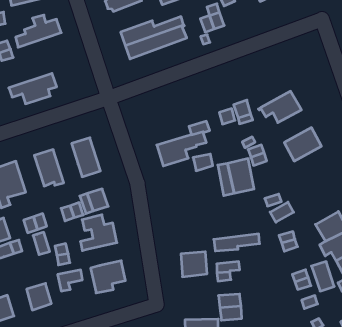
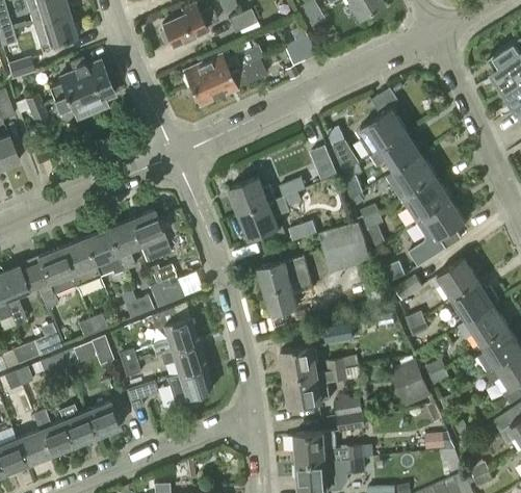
building: none -> [354,108,406,155]
building: [9,73,57,104] -> [52,78,113,120]
building: none -> [388,154,436,198]
building: none -> [229,176,277,213]
building: none -> [107,219,140,270]
building: none -> [417,199,466,257]
building: none -> [60,238,99,286]
building: none -> [258,257,311,314]
building: none -> [436,258,478,300]
building: none -> [160,342,205,373]
building: [311,262,334,291] -> [397,362,428,400]
building: none -> [285,373,321,407]
building: none -> [62,411,96,446]

